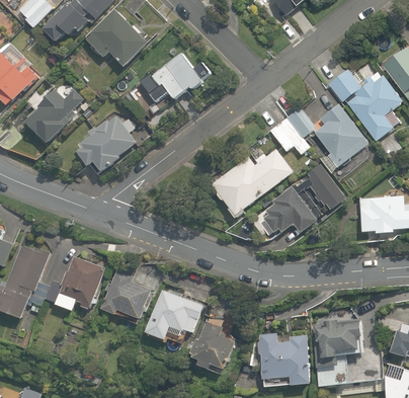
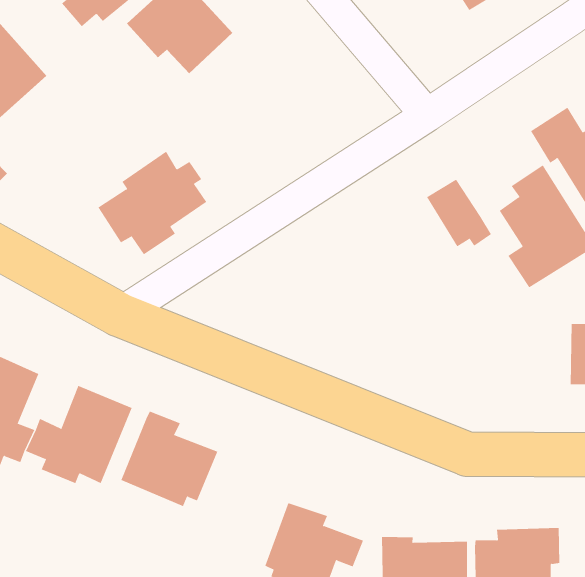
building: [138,51,206,103] -> none
building: [22,88,86,145] -> none
building: [285,107,313,138] -> none
building: [206,146,293,218] -> none
building: [258,166,341,236] -> none
building: [144,289,202,344] -> none

